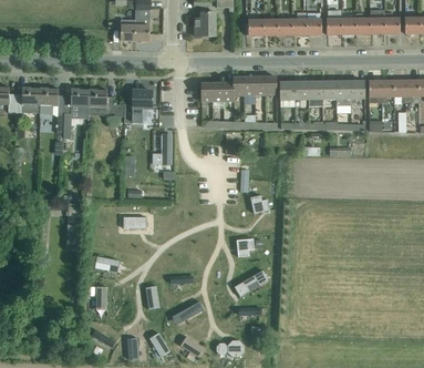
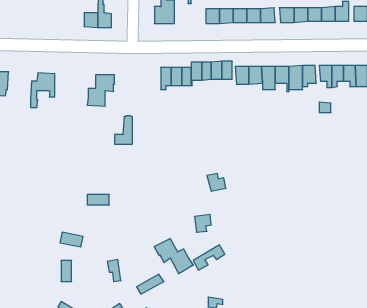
building: [39,86,64,132] -> none
building: [89,89,124,114] -> none
building: none -> [154,238,193,274]

